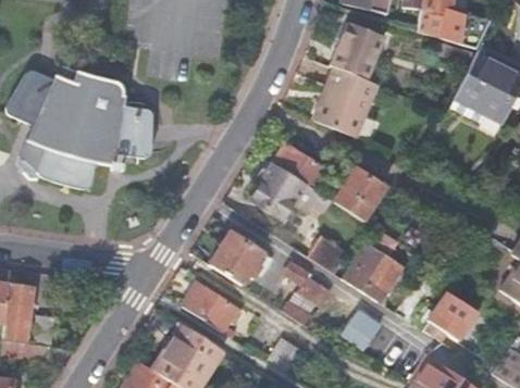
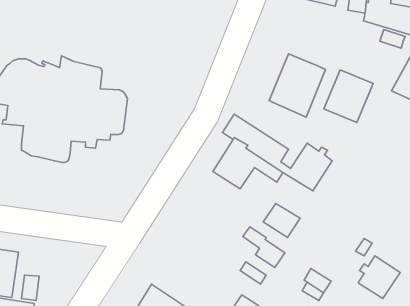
building: [331,22,386,80] -> [324,70,373,122]
building: [210,231,264,285] -> none
building: [342,240,401,301] -> none
building: [182,281,237,338] -> none

